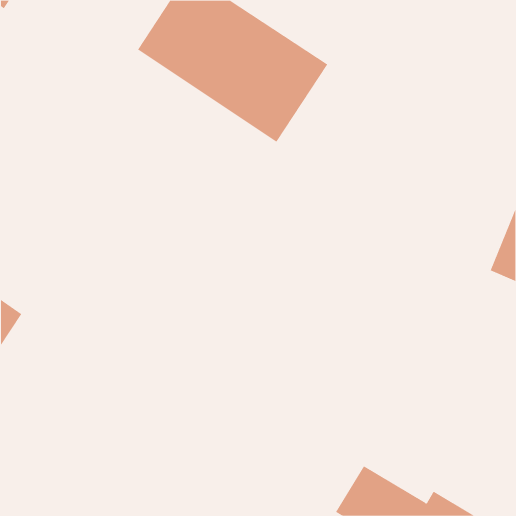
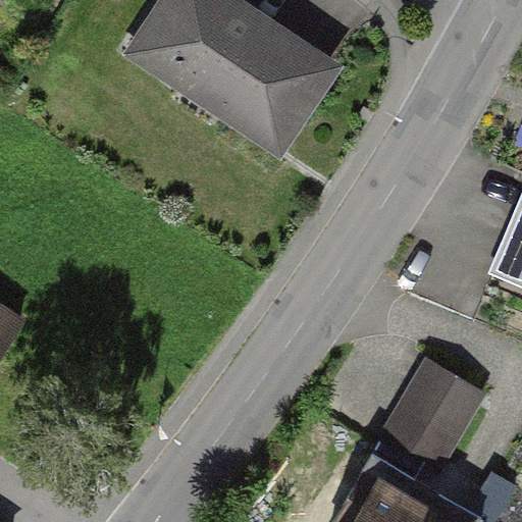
building: none -> [383,361,484,470]

